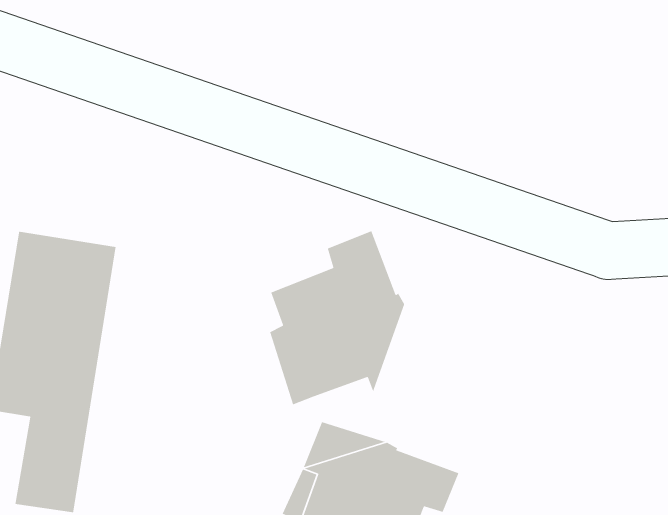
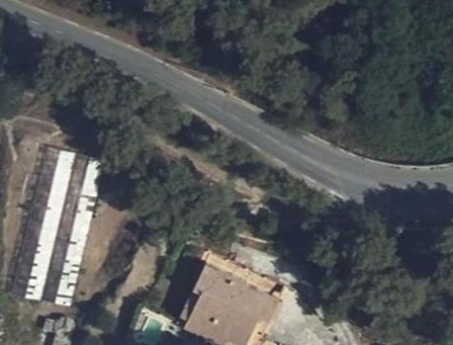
building: [269,230,405,405] -> none

